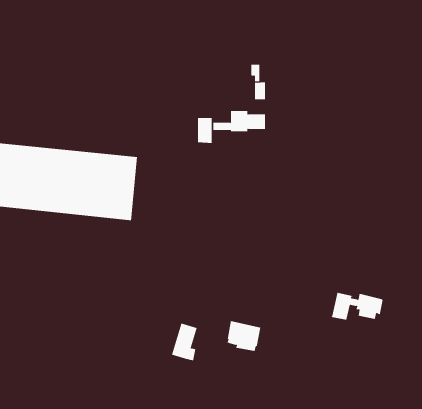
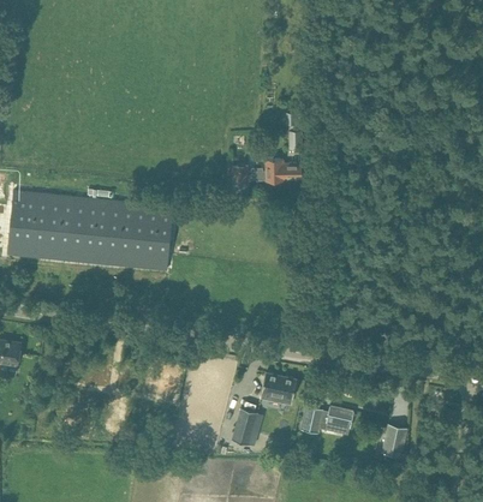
building: [330,292,384,321] -> [299,405,353,434]
building: [171,323,197,361] -> [231,407,257,446]
building: none -> [381,423,406,456]

